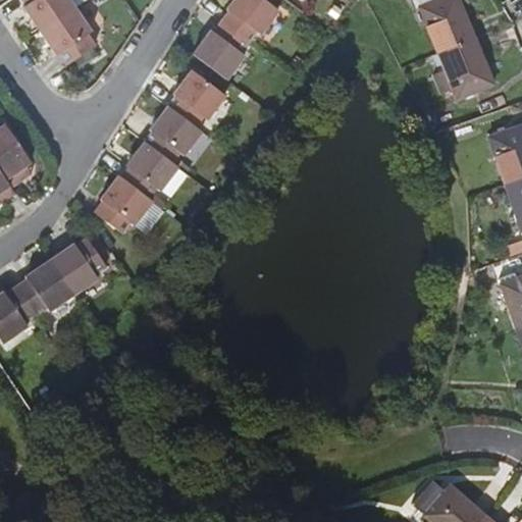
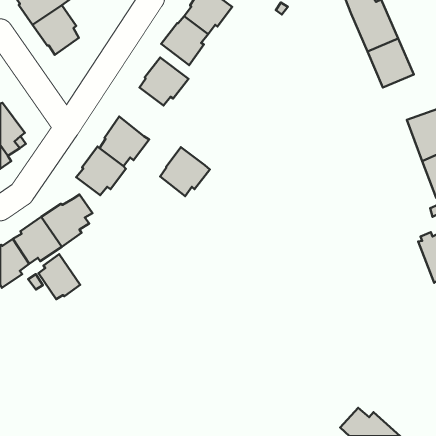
building: [144,104,203,162] -> [160,147,210,196]
building: none -> [38,254,80,299]

